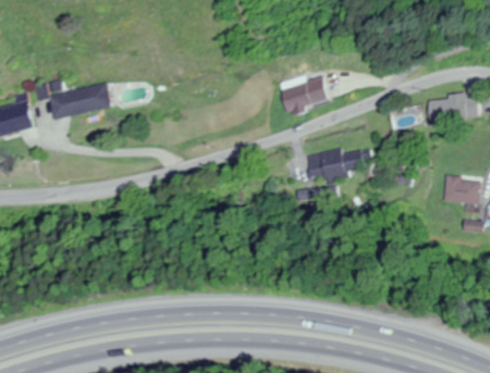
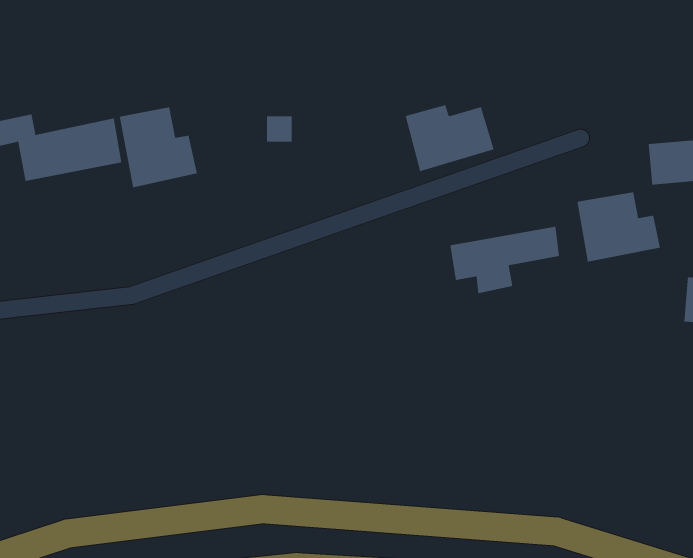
building: none -> [119,107,198,188]
building: none -> [577,191,661,262]

